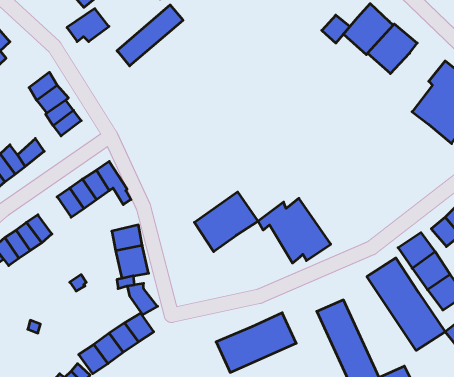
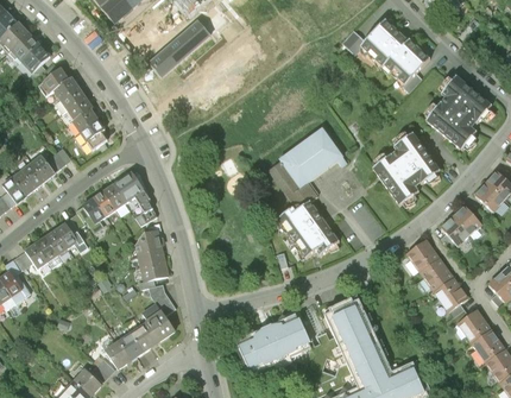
building: [67,9,109,42] -> [43,68,82,99]
building: none -> [367,132,436,207]
building: [194,192,258,252] -> [289,129,348,185]
building: [367,258,445,350] -> none

